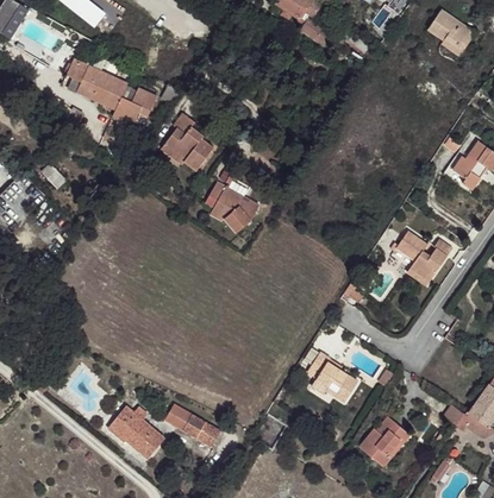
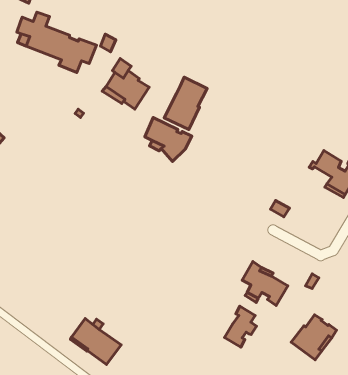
building: none -> [164,77,207,130]
building: none -> [225,306,257,347]
building: [165,404,221,447] -> none

